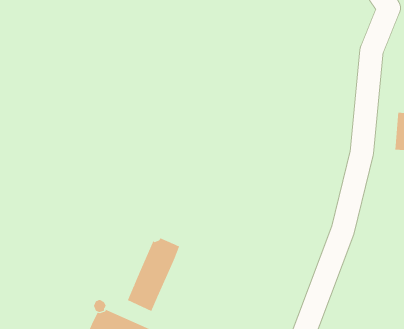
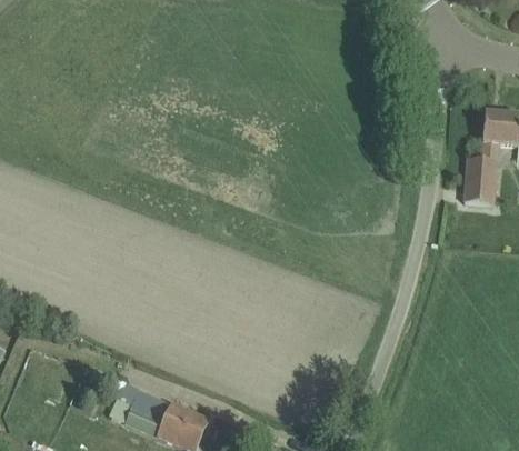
building: [127,238,180,312] -> none

